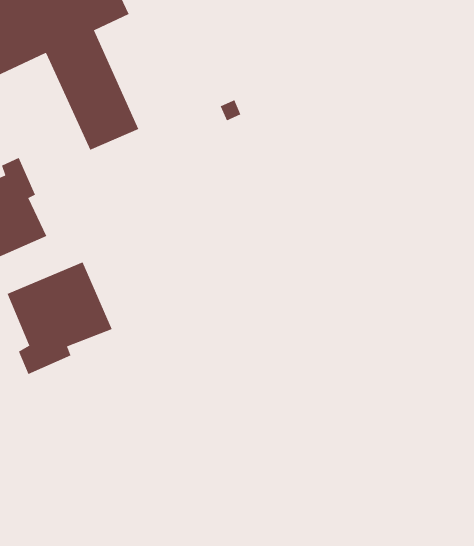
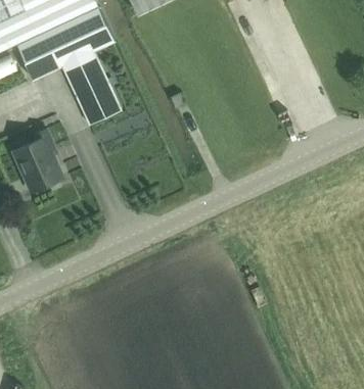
building: [7,262,112,375] -> none

